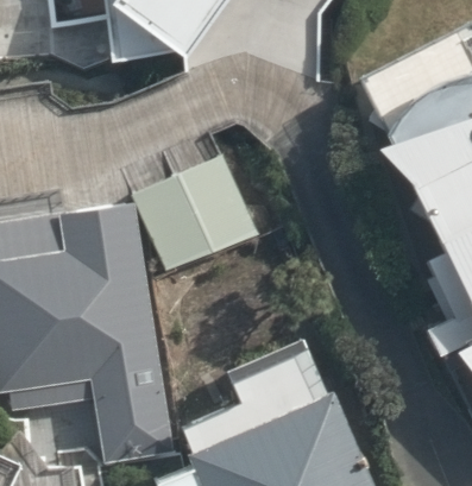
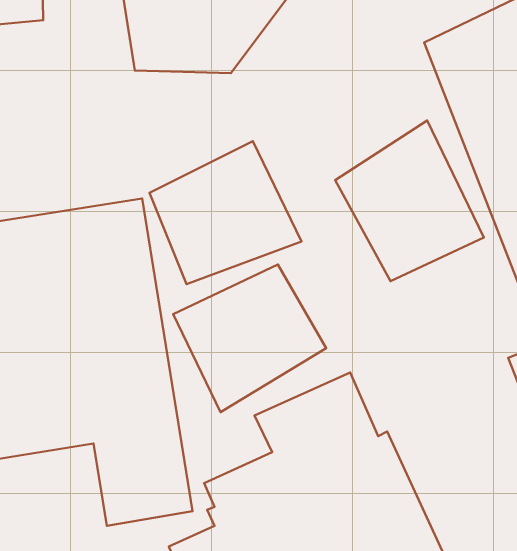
building: none -> [335,120,484,281]
building: none -> [173,265,326,412]

